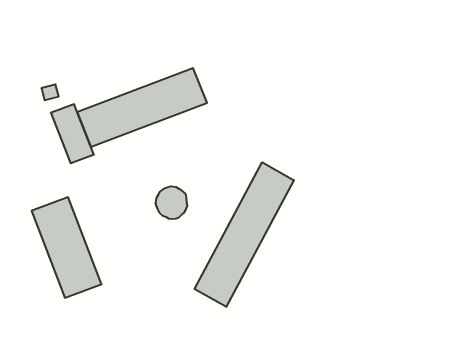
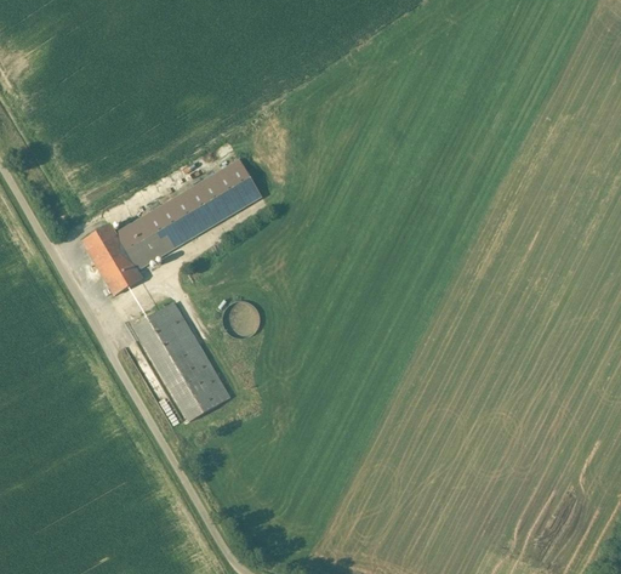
building: [195,162,294,307] -> none
building: [32,197,102,298] -> [132,302,228,420]

